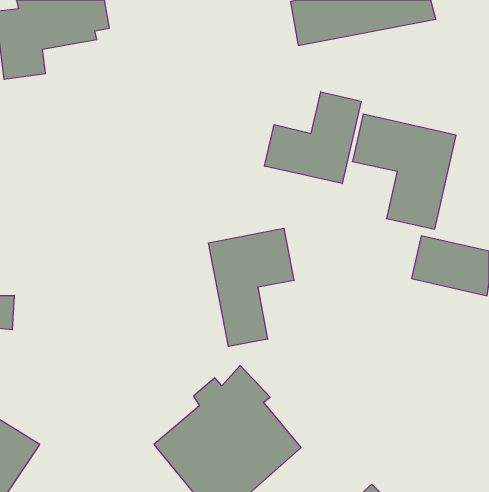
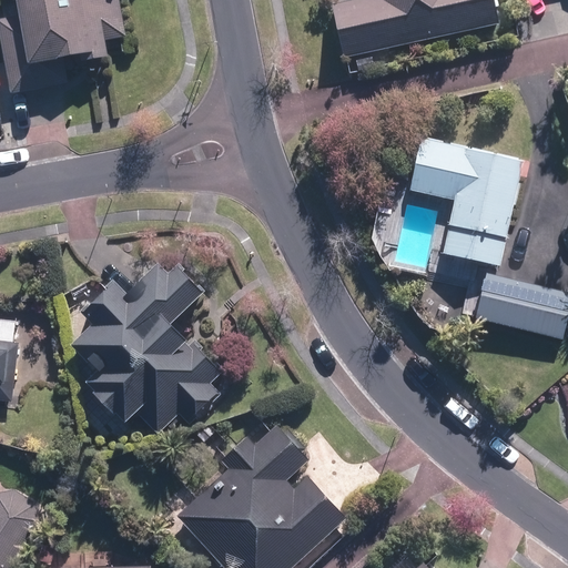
building: [265,92,361,184] -> none
building: none -> [72,258,223,433]
building: [209,228,294,346] -> none

